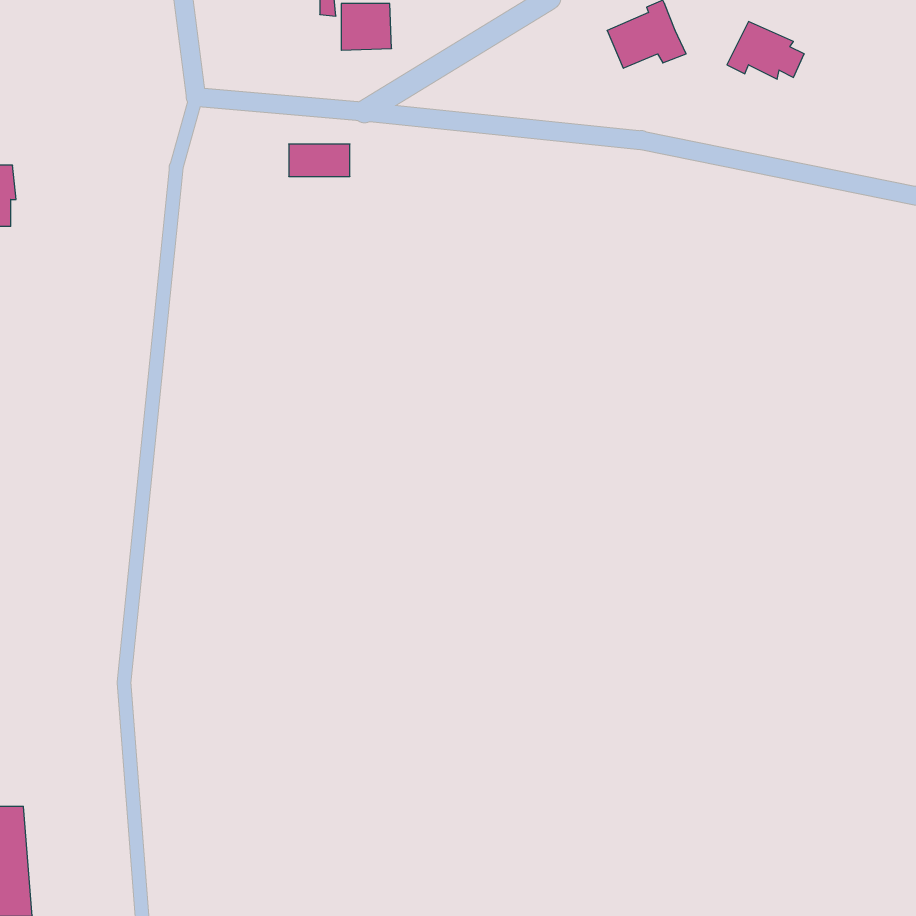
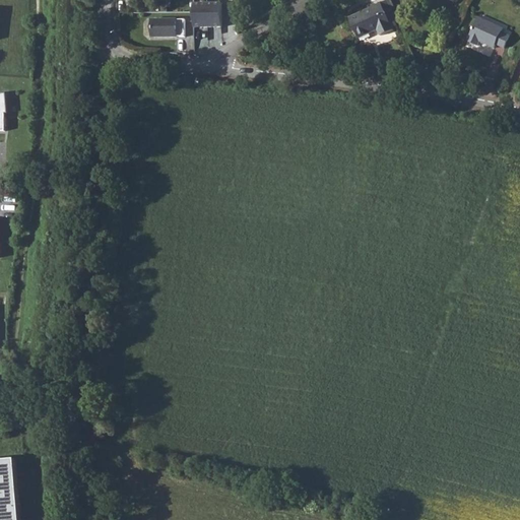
building: [727,22,804,79] -> [461,16,505,49]
building: [289,144,350,176] -> [148,19,183,38]

